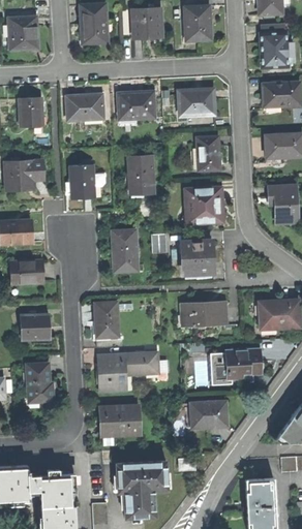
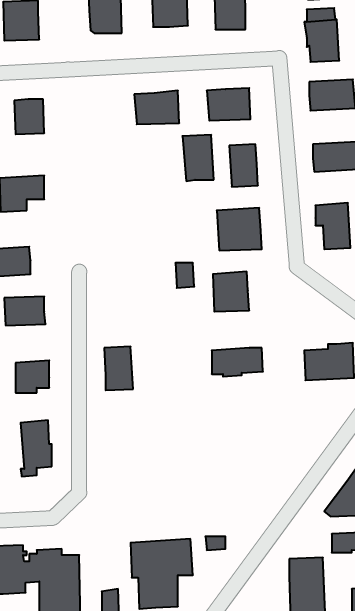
building: [66,94,103,120] -> none
building: [128,155,154,193] -> [182,135,214,181]
building: [70,163,107,199] -> none
building: [112,228,138,271] -> none
building: [206,348,260,385] -> none
building: [96,351,158,391] -> none
building: [184,401,225,428] -> none
building: [99,405,139,436] -> none

